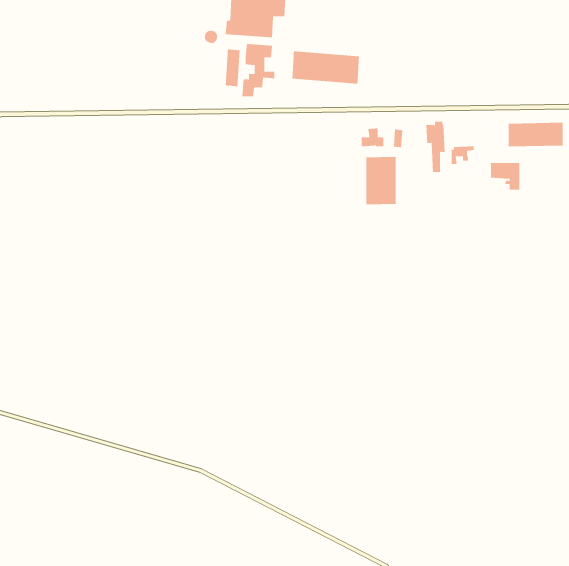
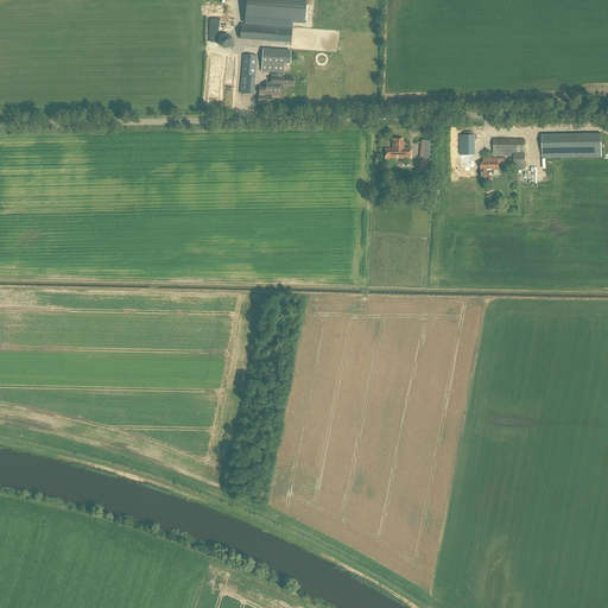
building: [292,50,360,85] -> none
building: [366,156,396,205] -> none
building: [490,162,520,190] -> [493,137,525,166]

